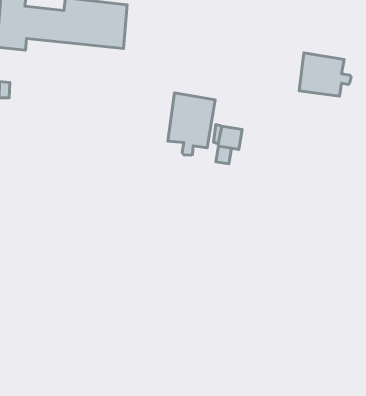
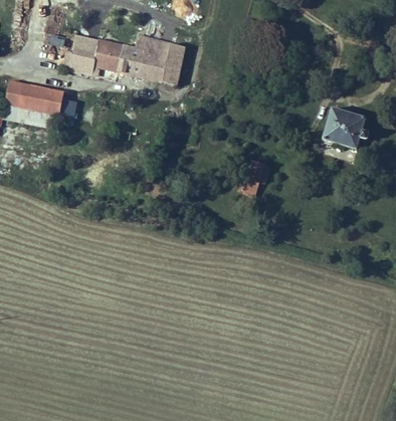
building: [168,93,215,155] -> none

